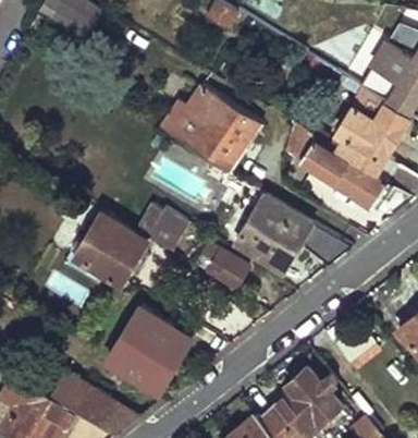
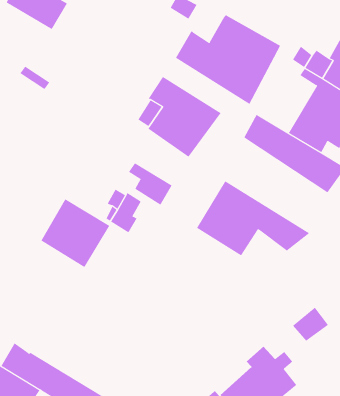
building: none -> [175,14,281,105]
building: [202,244,248,289] -> [128,162,172,206]
building: [109,308,189,390] -> none

